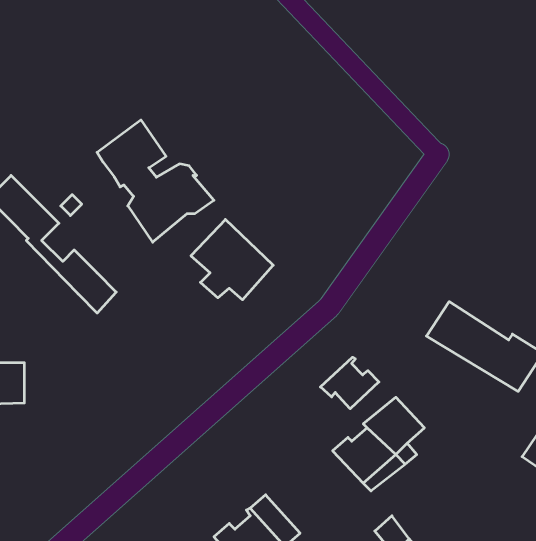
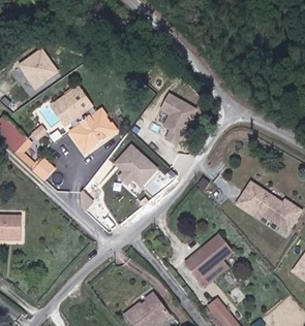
building: none -> [17,47,56,87]
building: none -> [157,91,195,143]
building: [320,357,379,409] -> none

